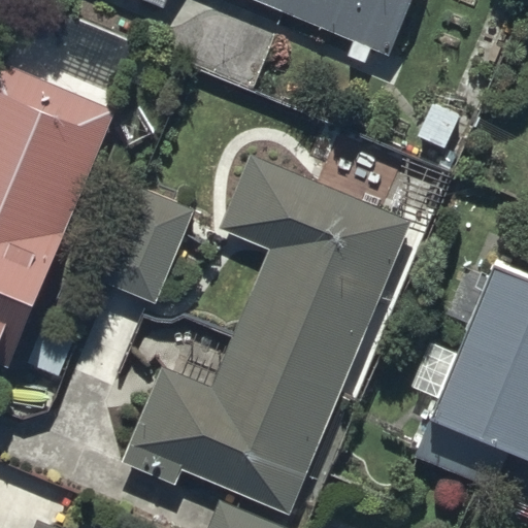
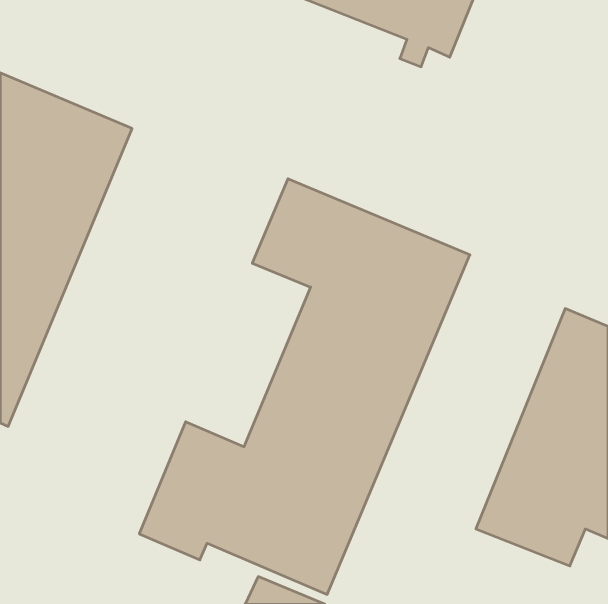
building: [104,185,196,300] -> none

